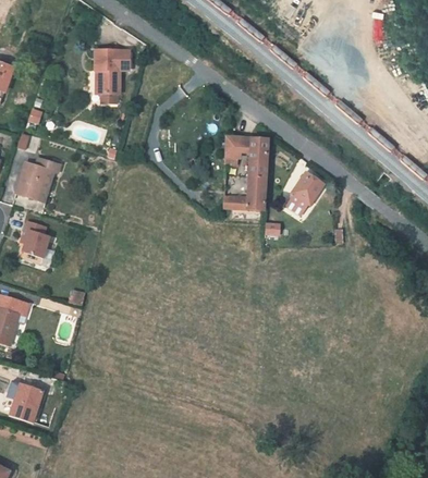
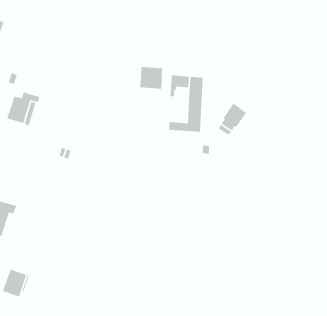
building: [93,50,120,103] -> none
building: none -> [139,66,163,89]
building: [22,220,54,266] -> none

